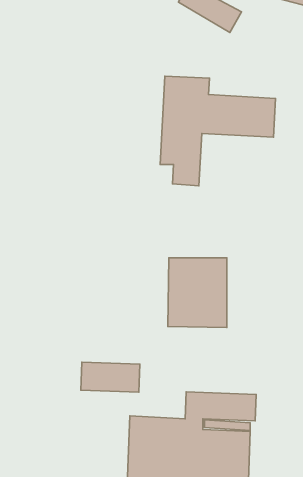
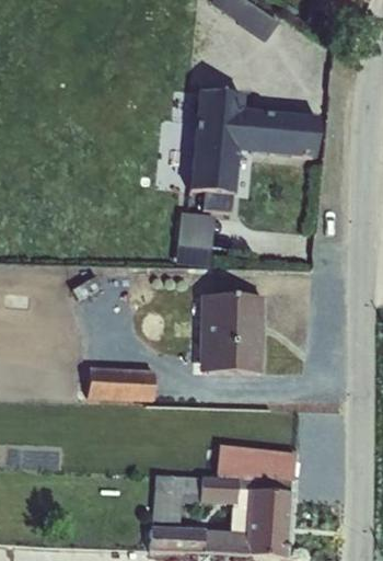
building: none -> [177,211,214,266]
building: [81,362,140,392] -> [89,367,155,401]

